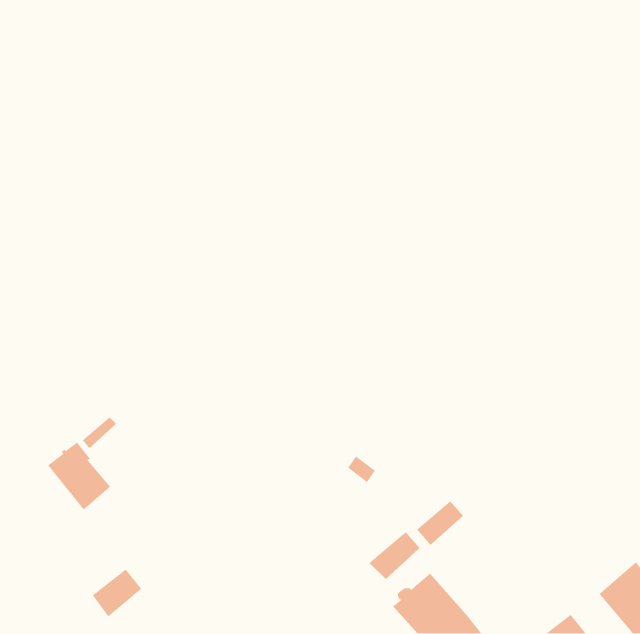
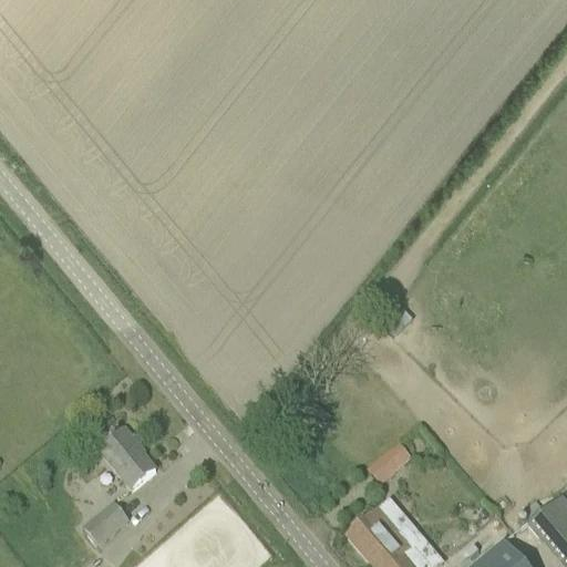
building: [47,441,111,511] -> [100,427,156,488]
building: [369,531,420,580] -> none

